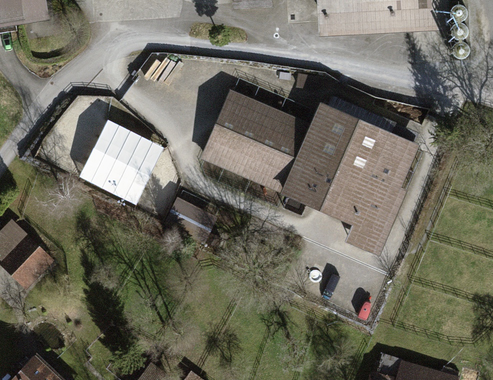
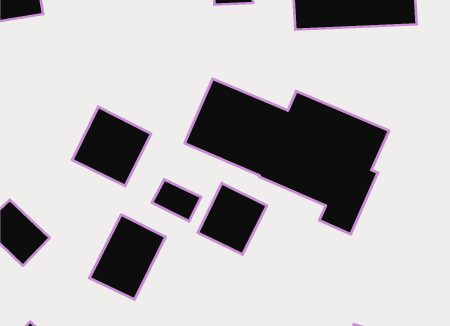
building: none -> [198,183,267,255]
building: none -> [89,215,165,300]

